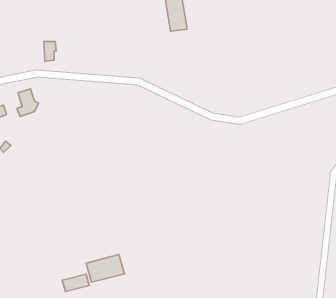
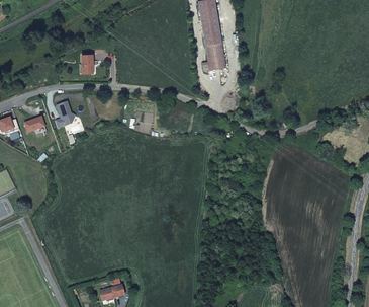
building: none -> [201,42,224,71]
building: [86,255,124,282] -> none

